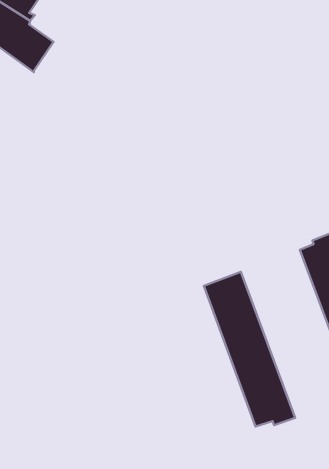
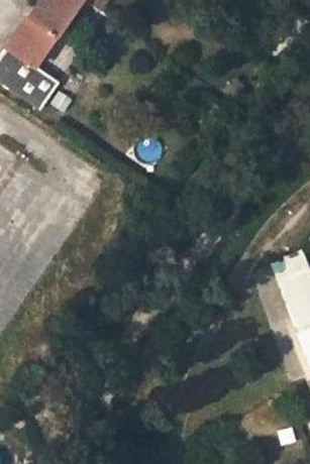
building: [204,272,295,427] -> none

